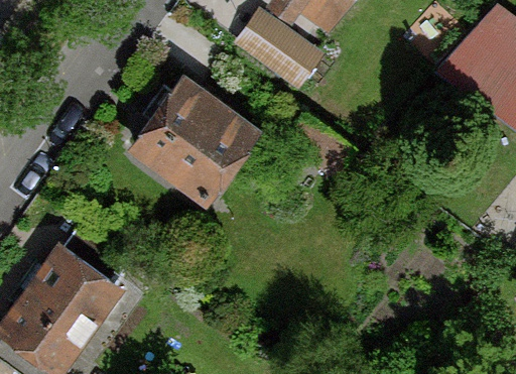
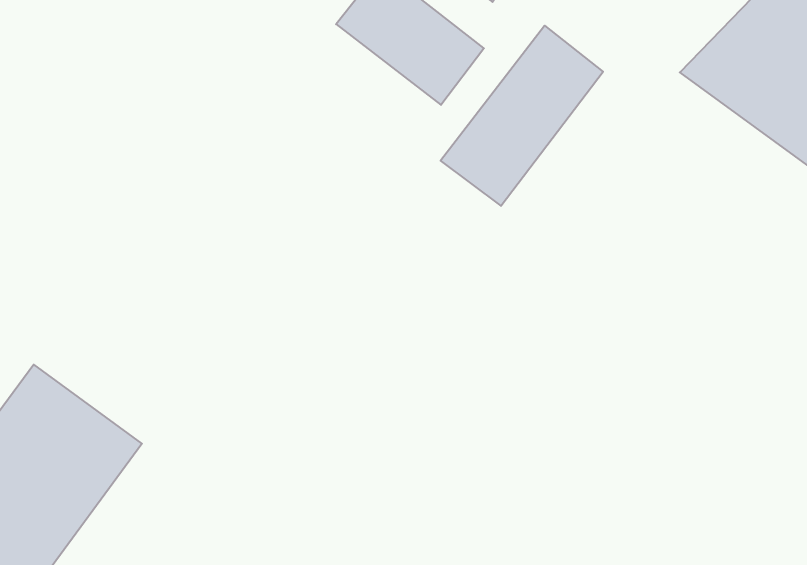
building: none -> [441,26,603,206]
building: [131,76,260,204] -> none

